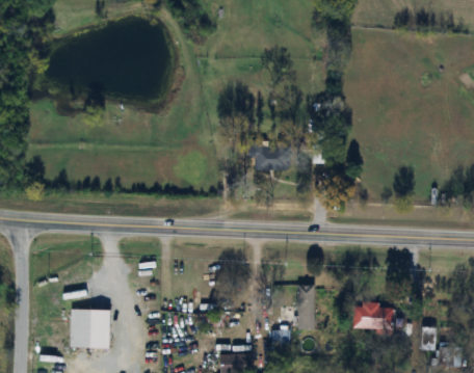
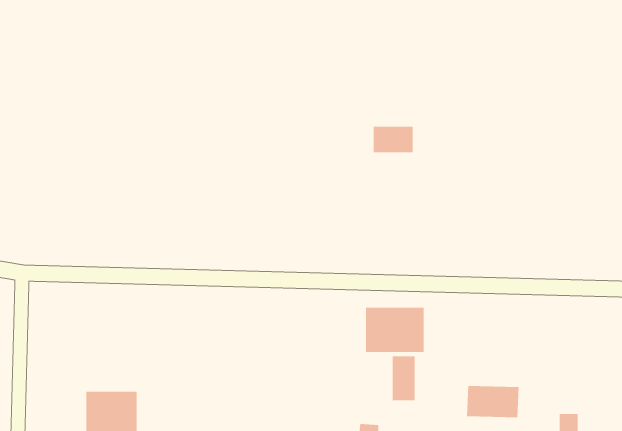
building: [248,146,279,166] -> [373,126,414,153]
building: none -> [366,307,424,353]

